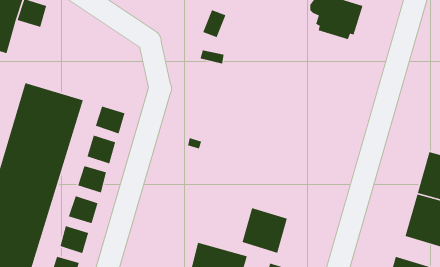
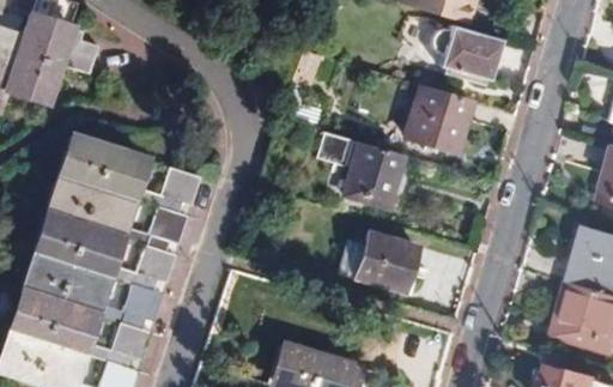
building: none -> [407,85,468,150]
building: none -> [316,131,406,207]
building: [241,207,288,254] -> [357,232,417,292]

